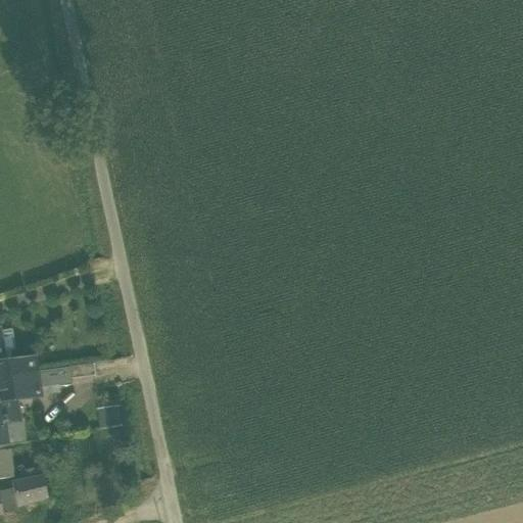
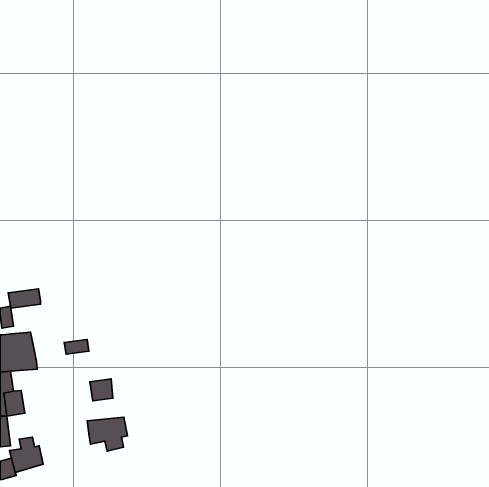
building: [36,366,70,386] -> [8,289,41,308]
building: none -> [87,417,128,451]

